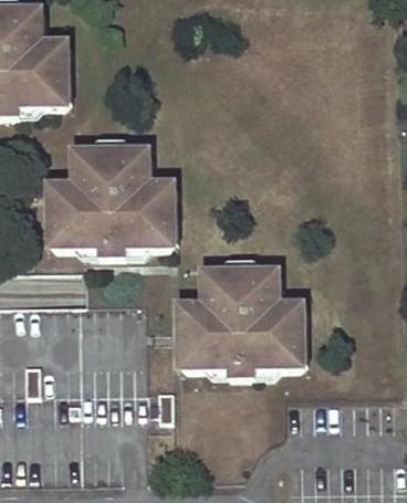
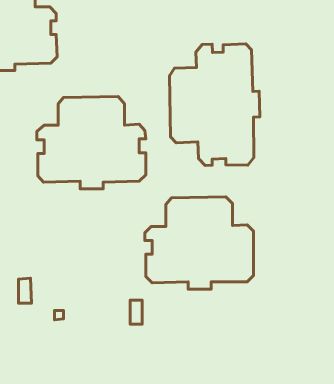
building: none -> [169,44,260,166]

